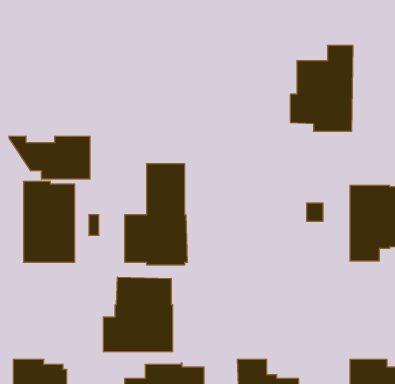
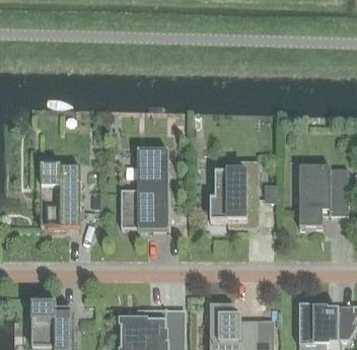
building: [290,46,353,131] -> [209,158,259,226]
building: [9,136,90,179] -> none
building: [103,277,172,352] -> none

